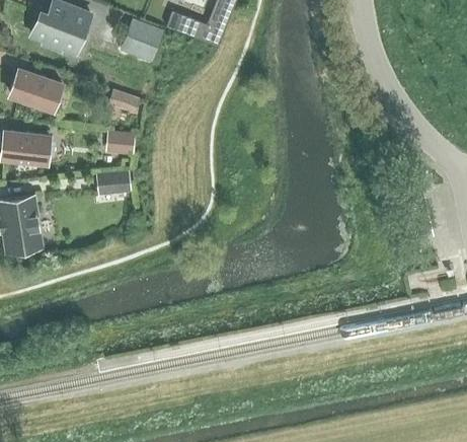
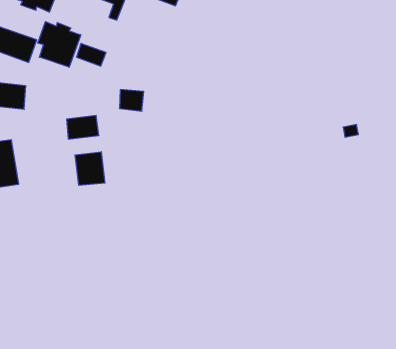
building: none -> [38,22,81,67]
building: [106,132,134,156] -> [119,90,144,111]
building: none -> [75,152,105,185]

